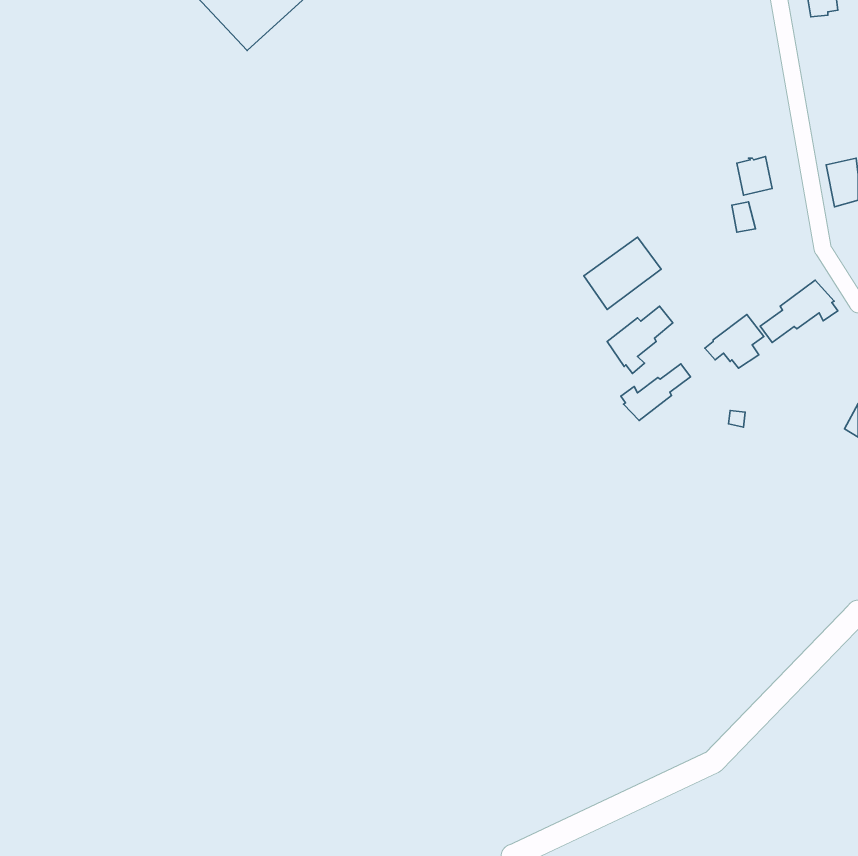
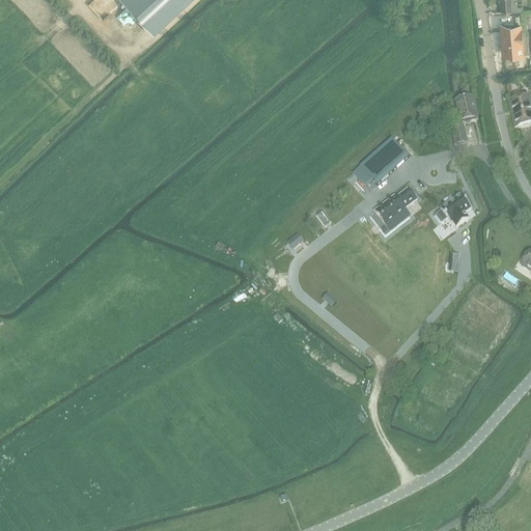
building: none -> [500,22,522,56]
building: [760,280,838,342] -> none
building: [621,364,690,421] -> none

